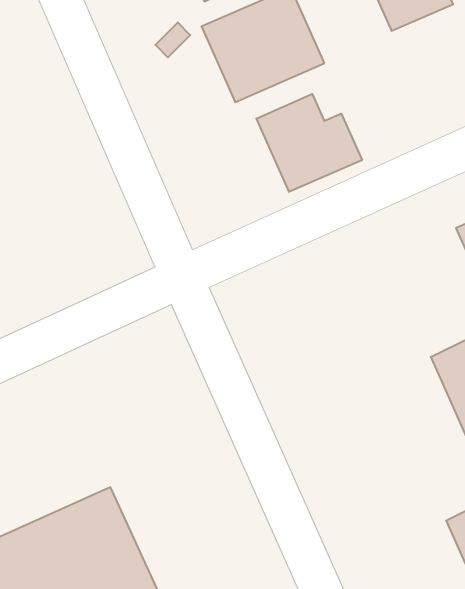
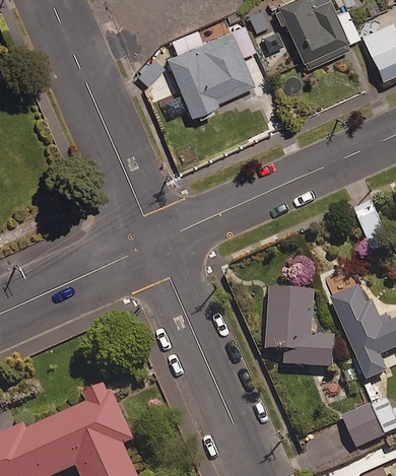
building: [256,94,362,192] -> none
building: none -> [268,288,338,368]

